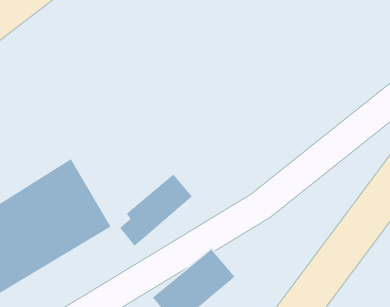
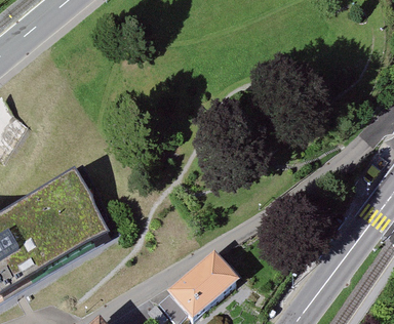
building: [119,173,193,247] -> none

